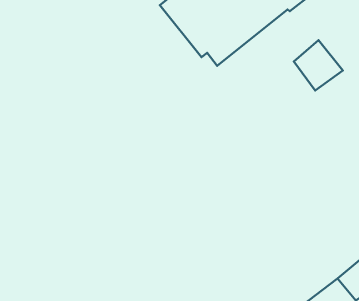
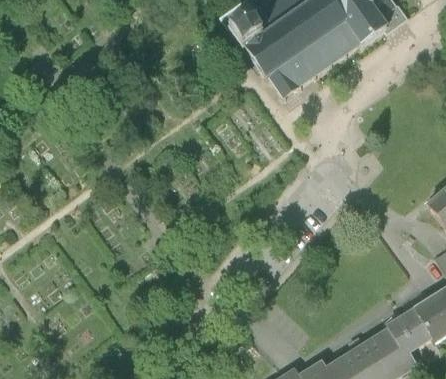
building: [294,40,343,91] -> none

